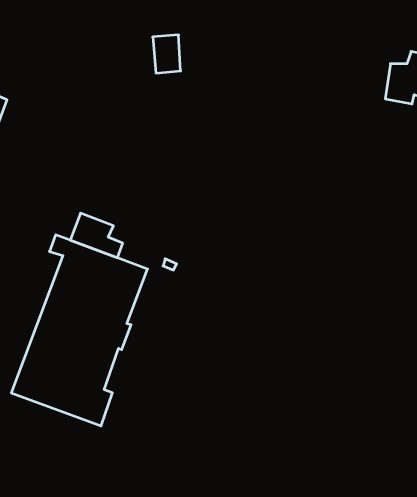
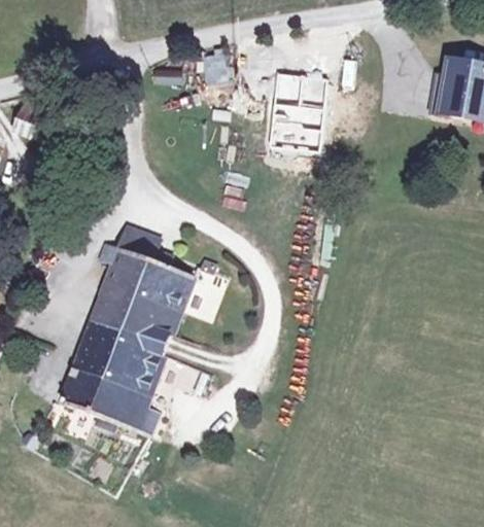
building: none -> [266,65,323,147]

